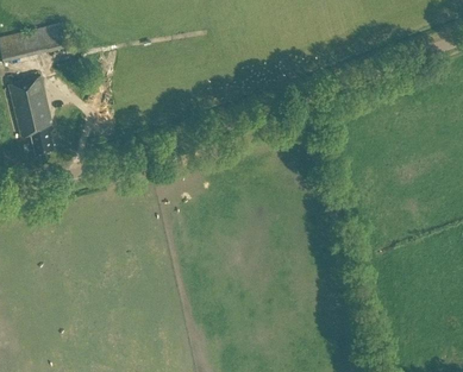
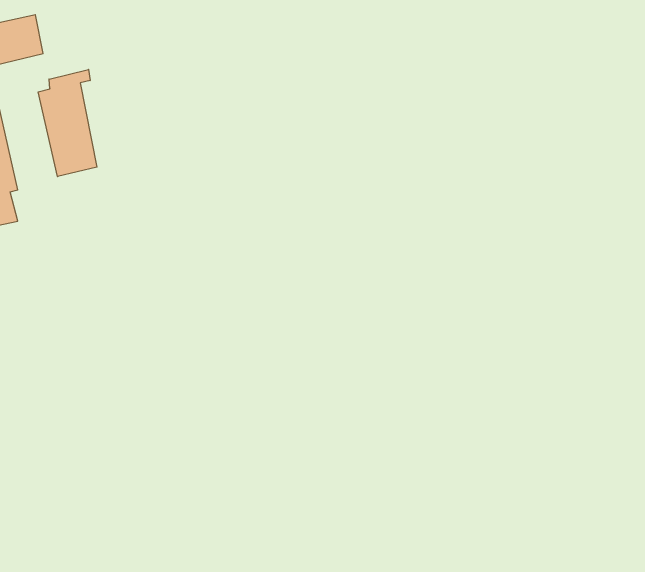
building: none -> [38,69,97,177]

